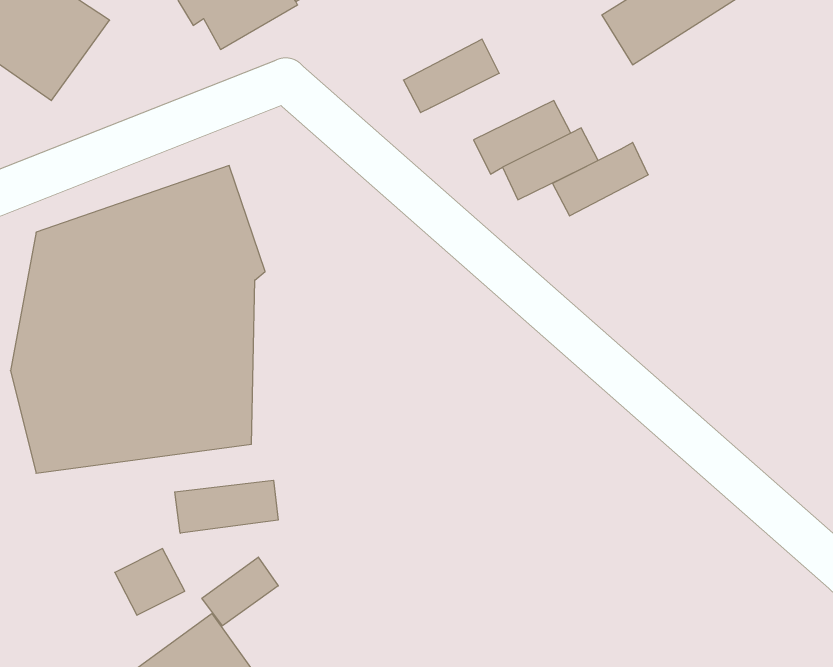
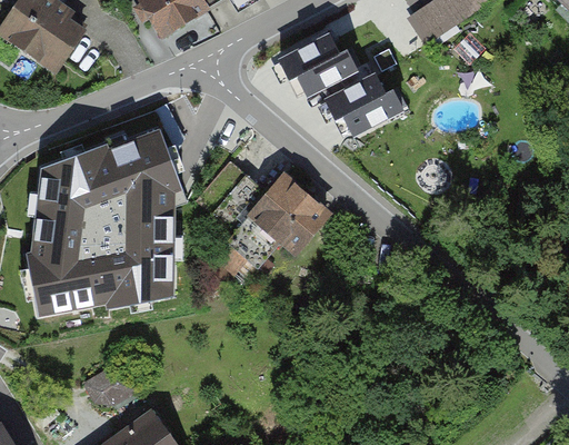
building: [552,142,648,216] -> [296,51,358,99]
building: none -> [240,174,335,268]
building: [175,480,278,533] -> none
building: [202,557,278,626] -> none

